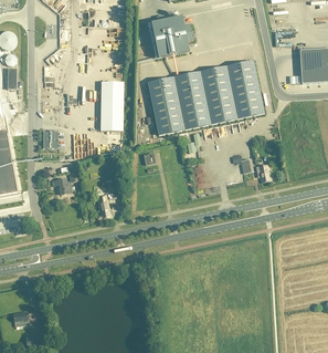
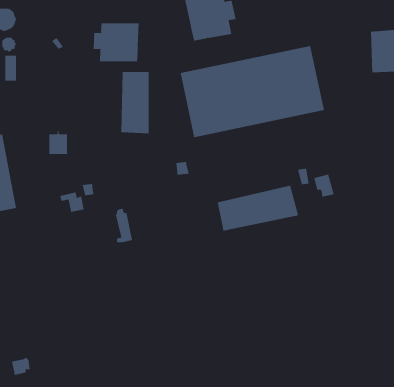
building: none -> [93,22,139,62]
building: none -> [217,185,299,232]

